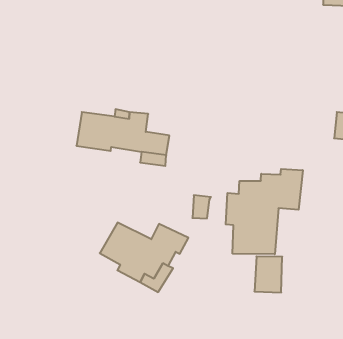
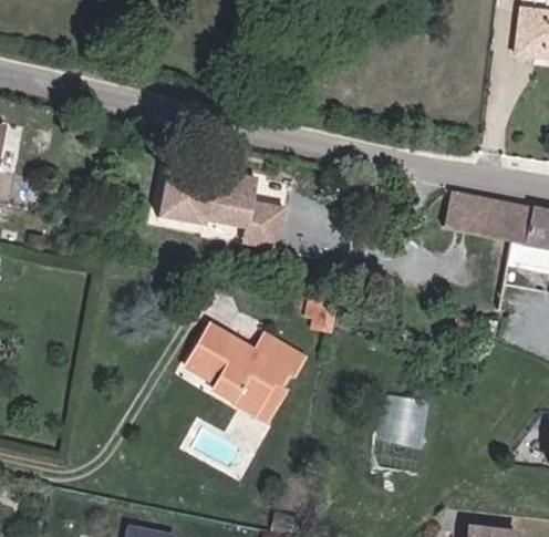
building: none -> [443,187,520,239]
building: [226,169,303,254] -> none

